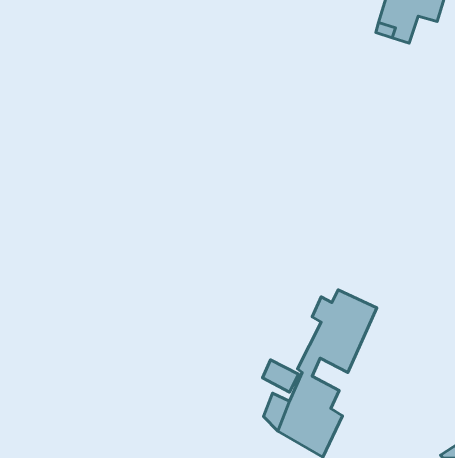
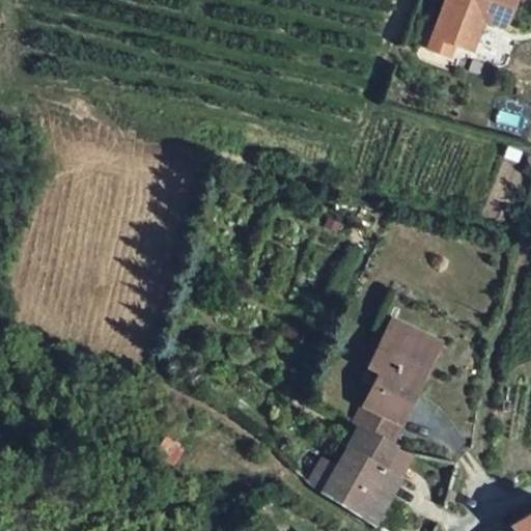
building: none -> [375,315,445,355]
building: [262,360,298,392] -> [365,413,407,450]

